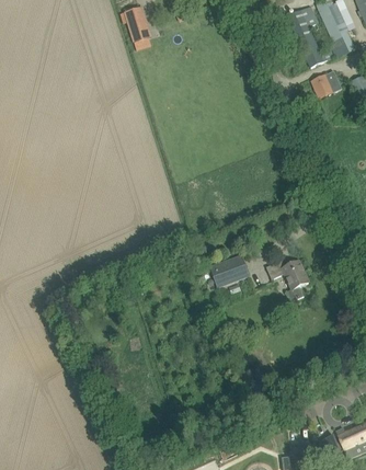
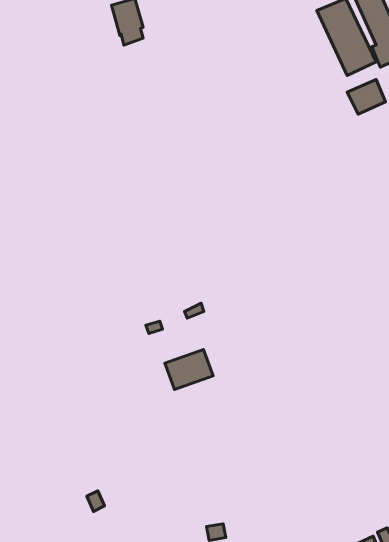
building: [210,254,249,286] -> [165,349,213,389]
building: [265,259,309,301] -> none

